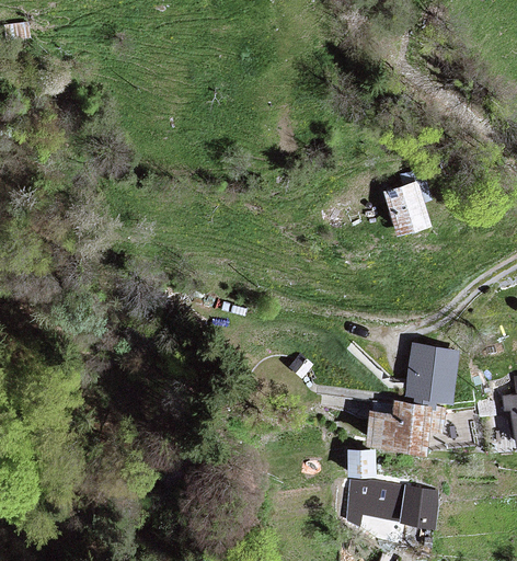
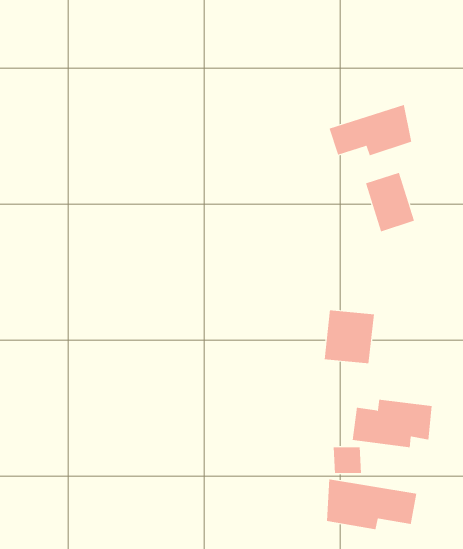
building: none -> [329,104,412,156]
building: [405,347,456,401] -> [324,310,375,364]

